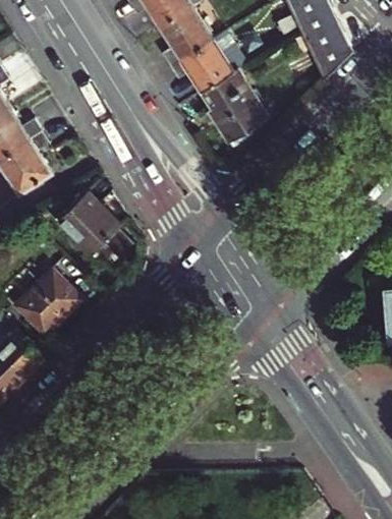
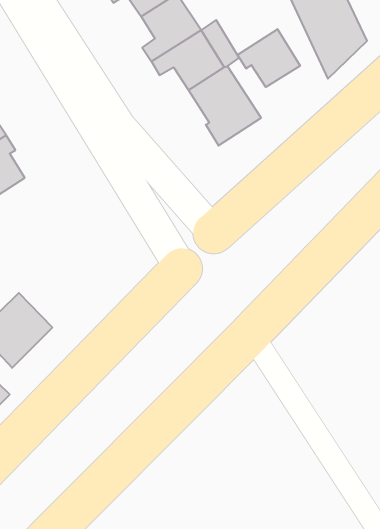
building: none -> [237,29,300,87]
building: [56,193,118,254] -> none

